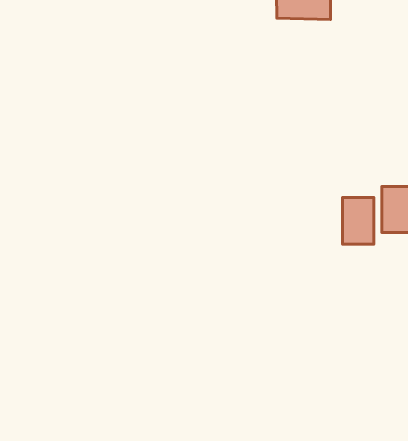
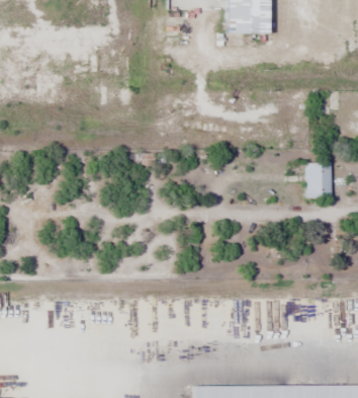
building: [343,197,374,244] -> none

